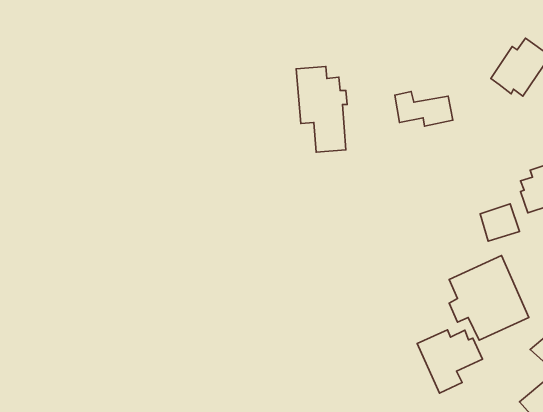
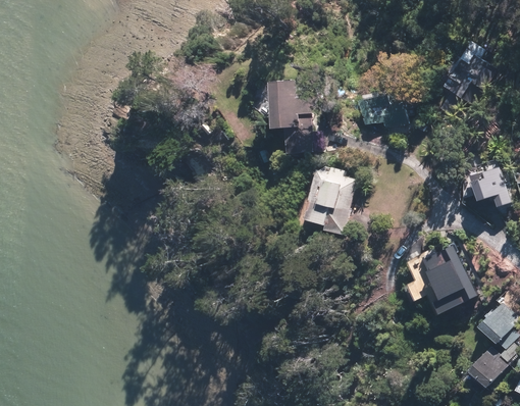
building: none -> [301,169,356,234]
building: [480,204,519,241] -> none
building: [417,330,483,393] -> none

